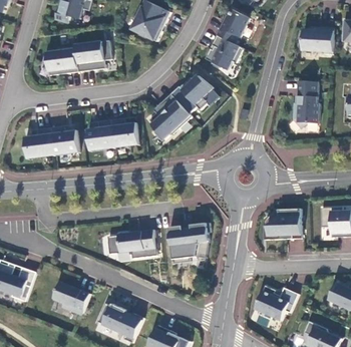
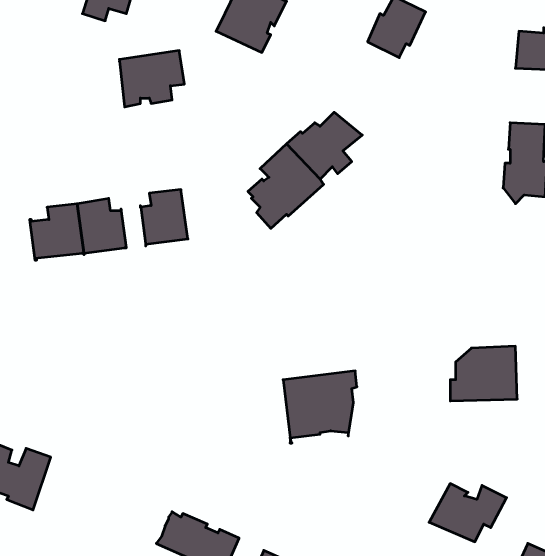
building: [206,35,244,70] -> none
building: [43,46,79,75] -> none
building: [111,117,140,147] -> none
building: [108,230,157,258] -> none
building: [53,282,91,315] -> none

